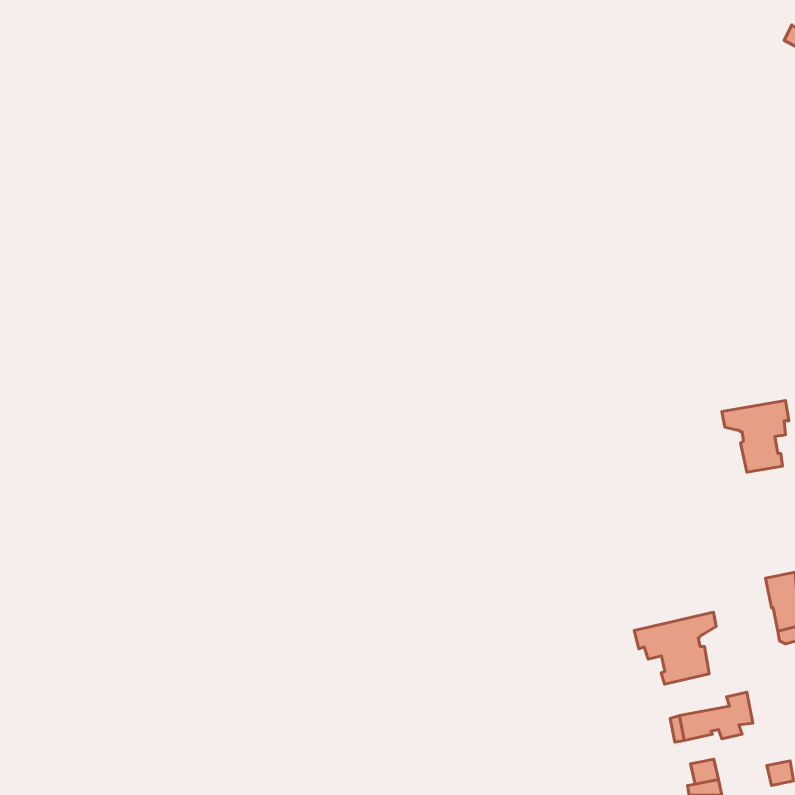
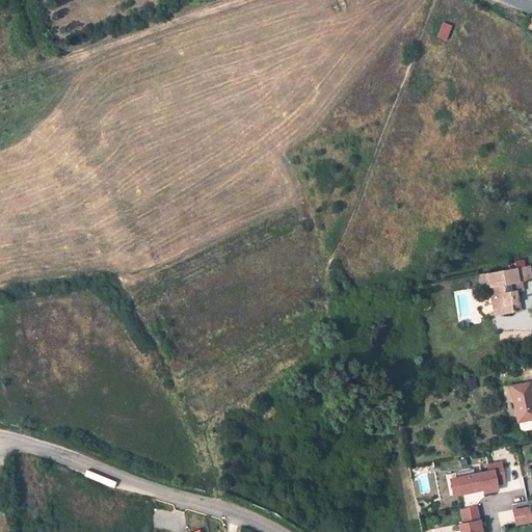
building: [634,612,716,684] -> none

